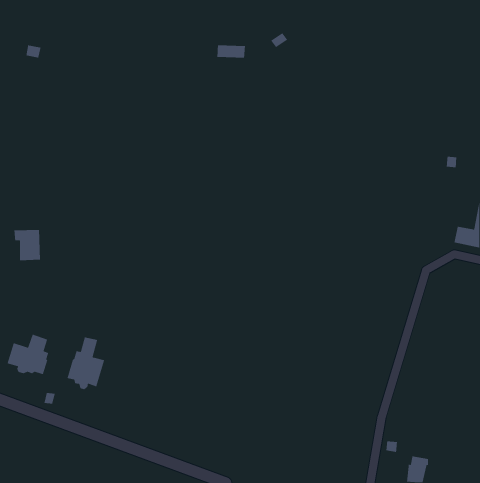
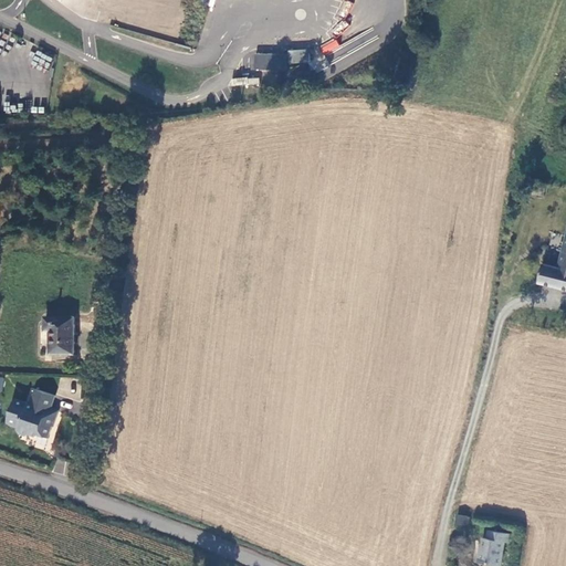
building: [13,229,41,261] -> [44,315,76,353]
building: [66,336,105,390] -> none

